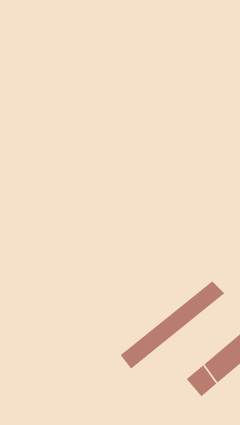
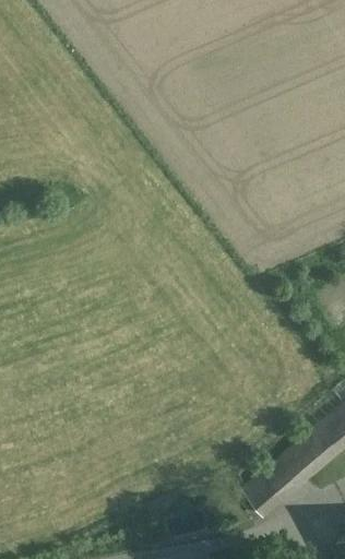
building: [120,281,225,370] -> none

